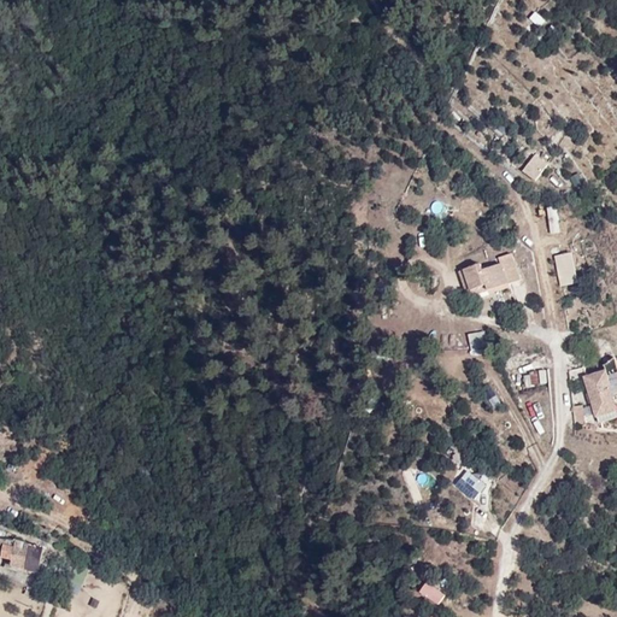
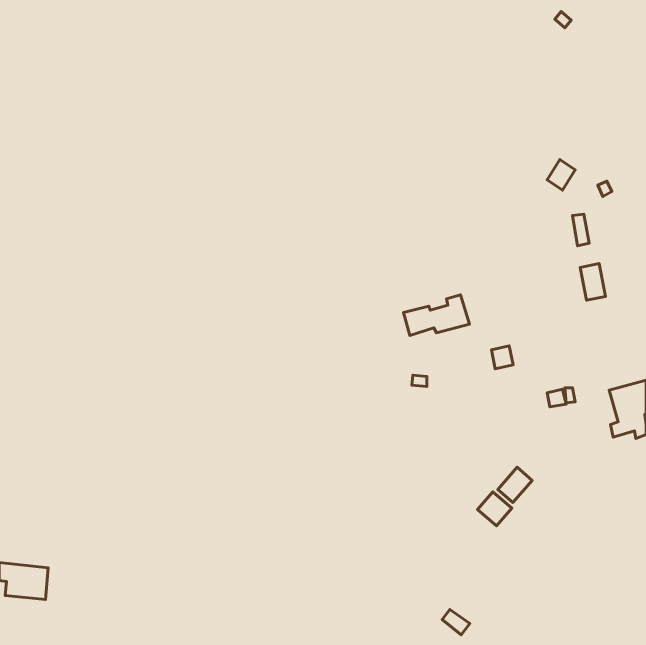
building: [458,253,521,292] -> [404,295,469,335]
building: none -> [498,467,532,503]

